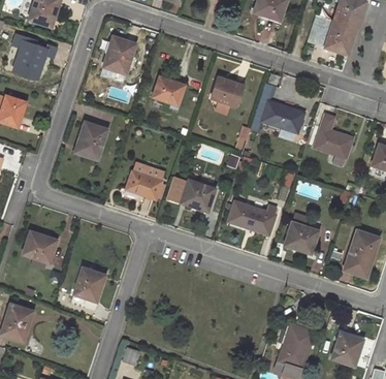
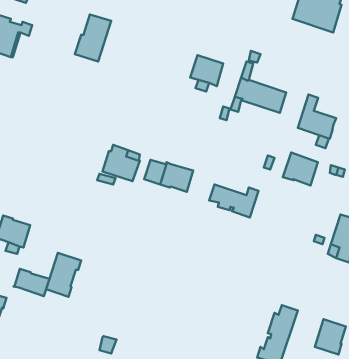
building: [153,77,184,104] -> none
building: [74,123,106,159] -> none
building: [284,221,318,253] -> [283,152,318,186]
building: none -> [14,269,49,296]

